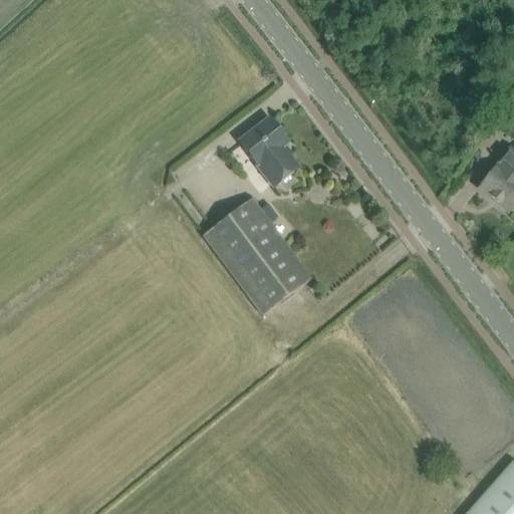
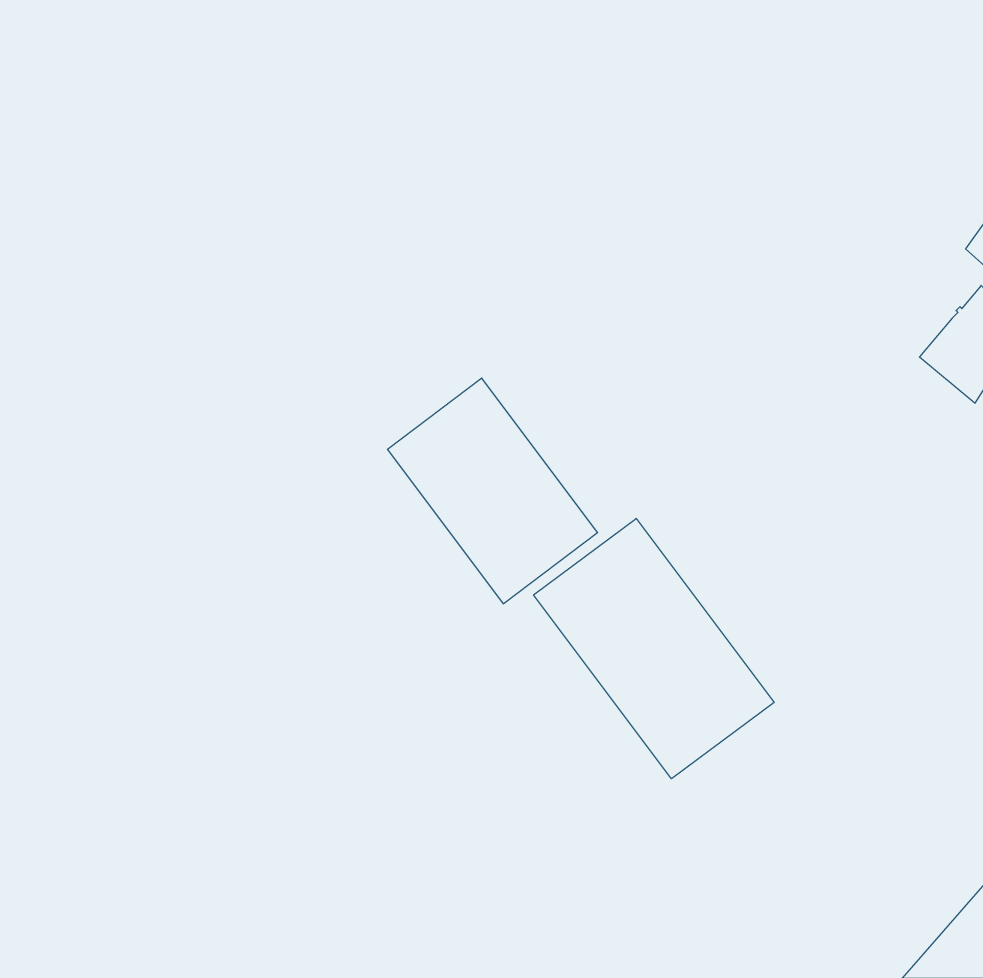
building: [239,117,299,186] -> none
building: none -> [534,518,774,779]

